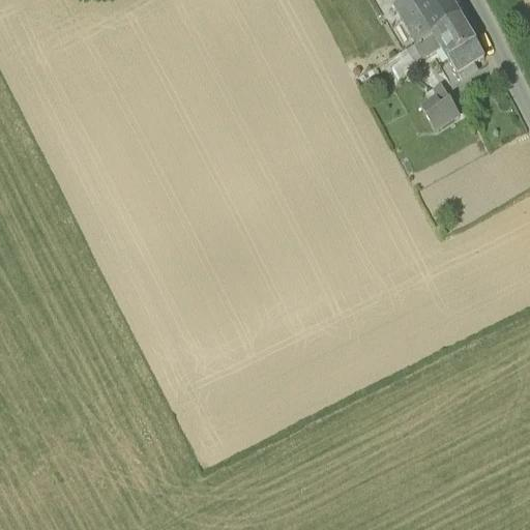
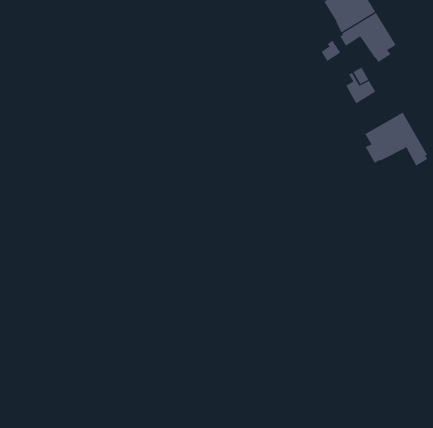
building: none -> [365,112,428,167]

